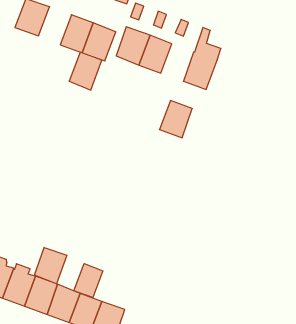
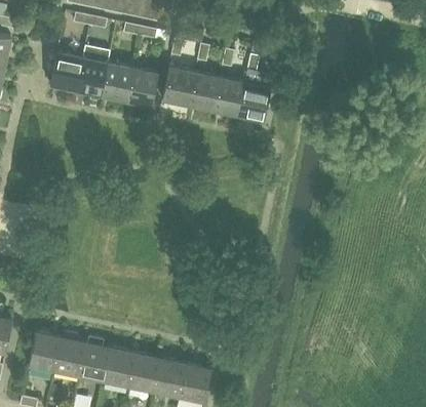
building: [69,52,102,90] -> [75,57,107,96]
building: [159,101,192,138] -> [211,78,243,116]
building: [34,247,67,284] -> none
building: [74,264,103,297] -> none

